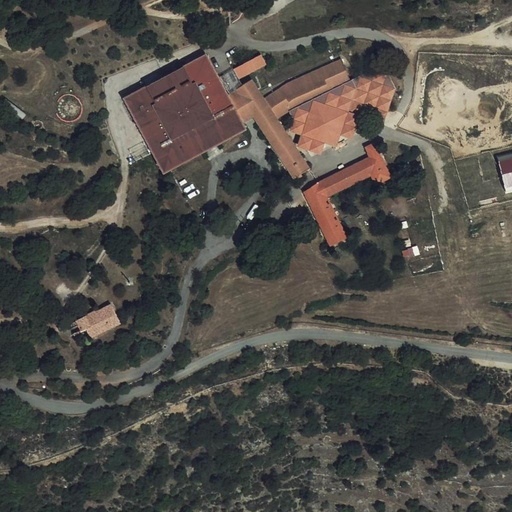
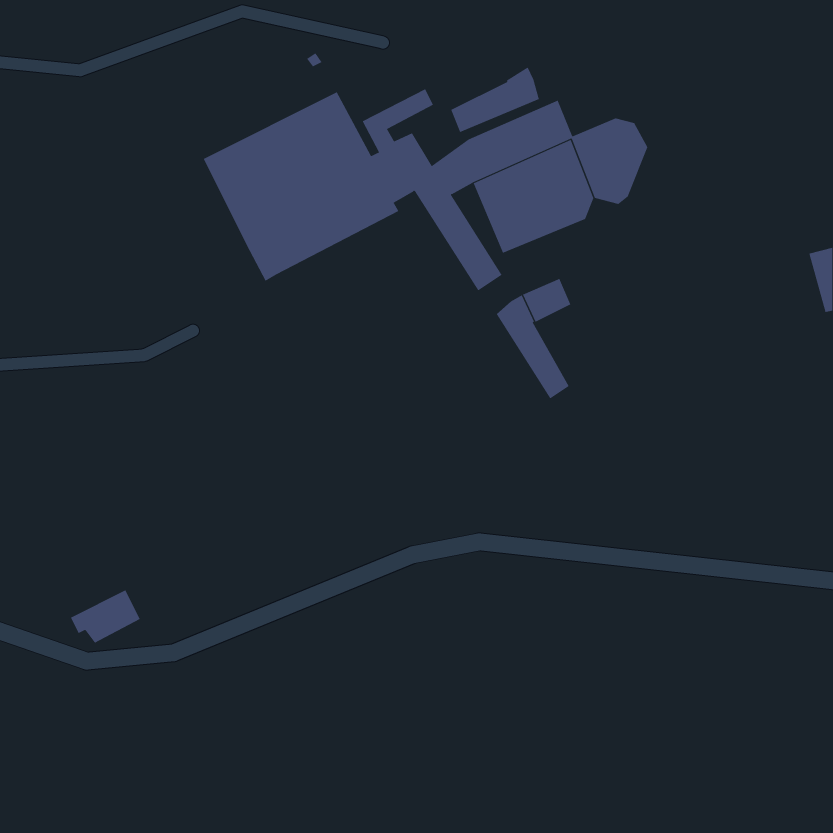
building: none -> [450,66,539,133]
building: [342,145,390,186] -> none
building: [75,306,118,339] -> [70,590,140,644]

